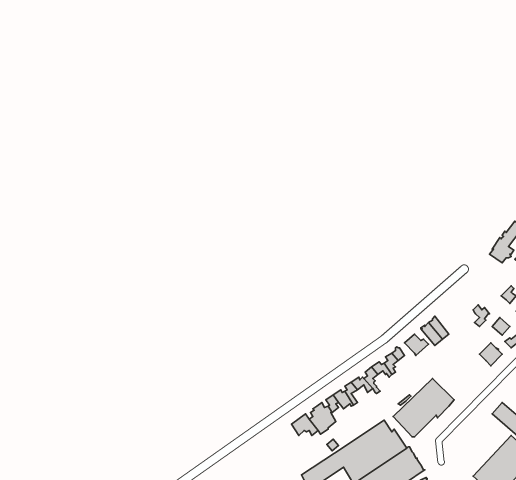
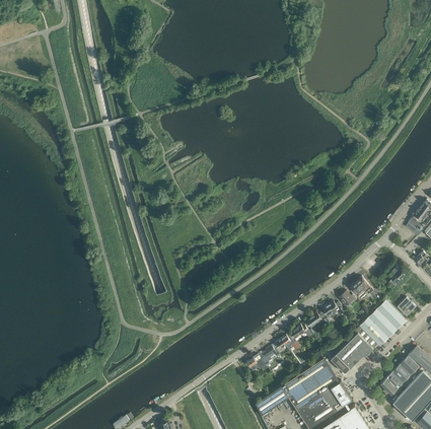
building: none -> [360,300,406,347]
building: none -> [380,357,419,396]

